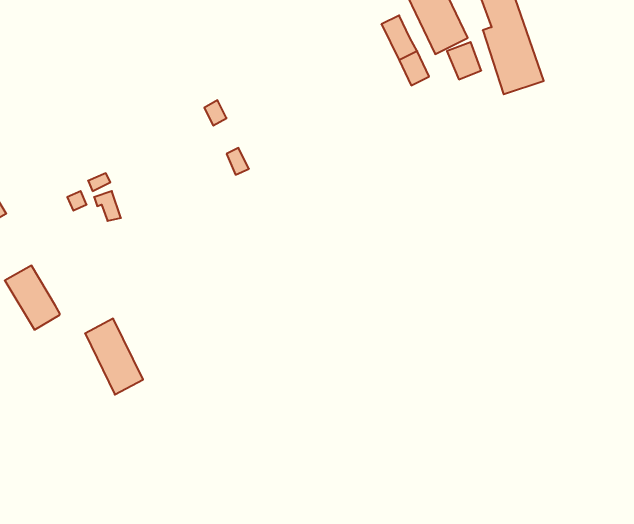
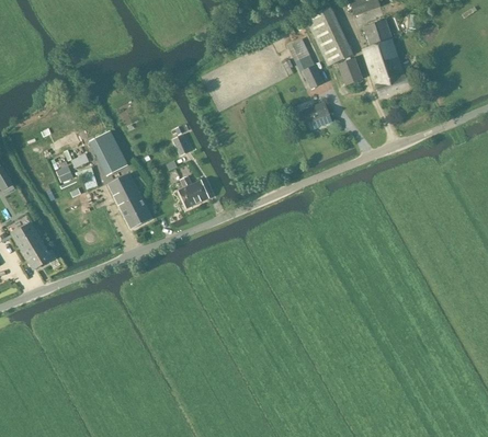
building: none -> [298,101,331,128]
building: none -> [92,129,127,172]
building: none -> [178,176,208,207]
building: [85,319,143,395] -> [109,172,151,228]

